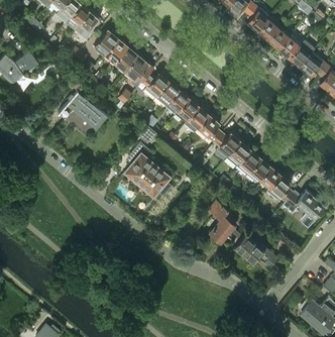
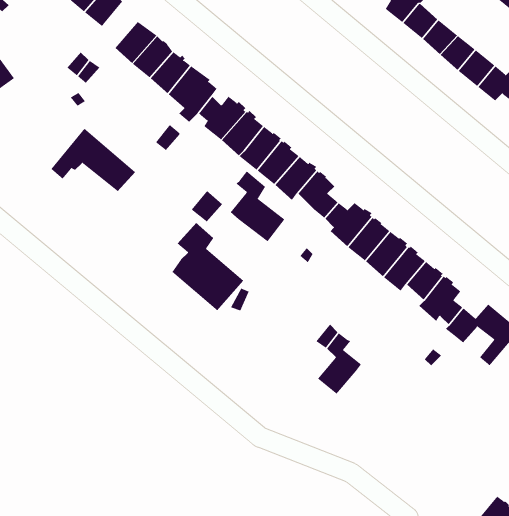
building: none -> [230,171,285,242]
building: [234,235,276,267] -> none

